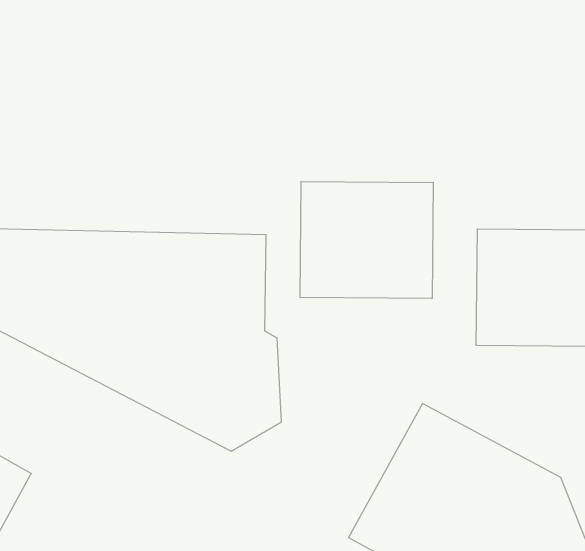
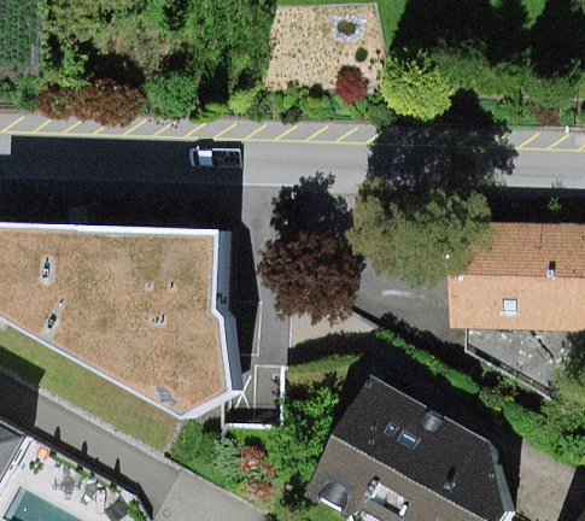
building: [300,181,433,299] -> none

